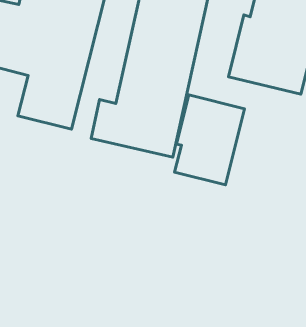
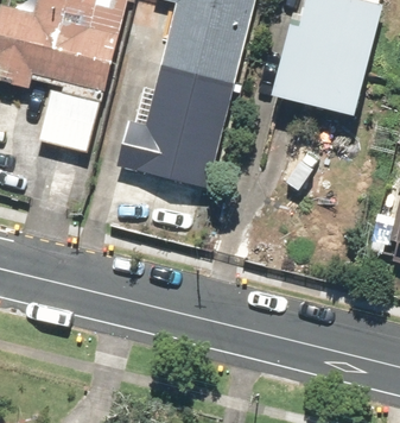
building: [175,95,244,185] -> none

